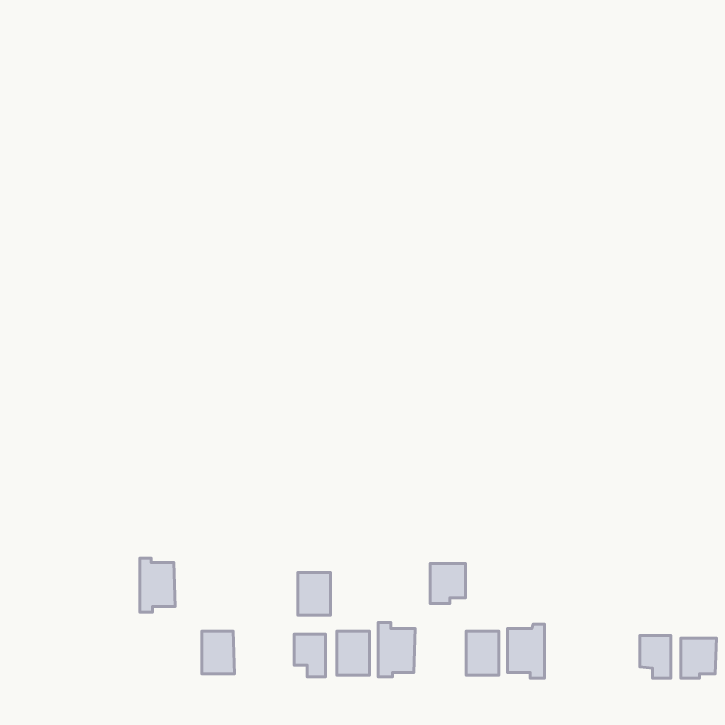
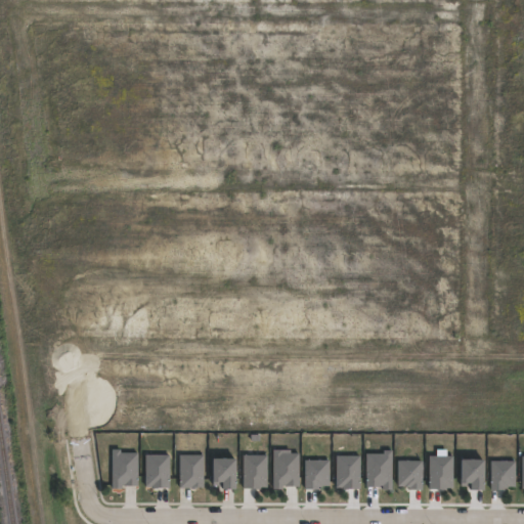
building: [140,558,175,612] -> [113,449,138,488]
building: [430,564,466,603] -> [305,461,331,489]
building: [298,572,330,615] -> [180,455,204,486]
building: none -> [430,455,453,488]
building: none -> [398,461,424,489]

